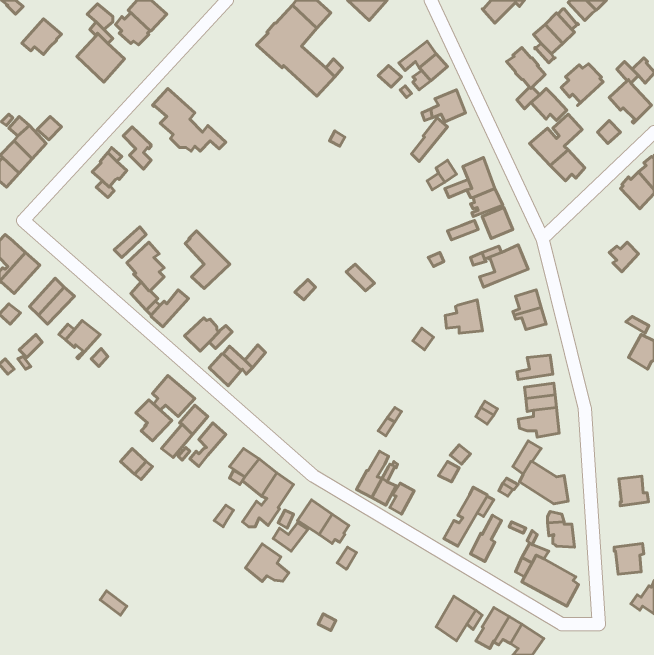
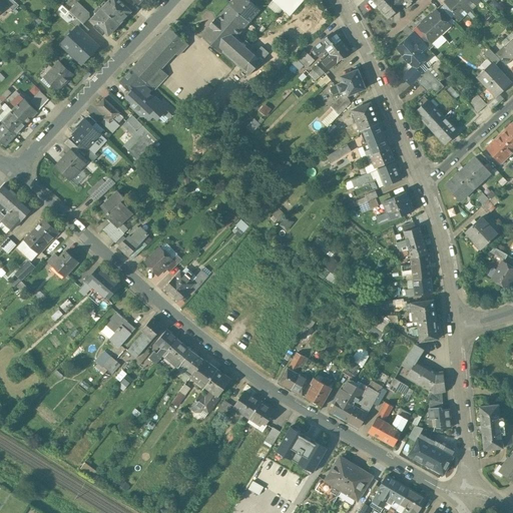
building: [22,19,62,55] -> [40,62,71,90]
building: none -> [131,27,187,90]
building: [561,64,603,106] -> none
building: none -> [352,103,378,131]
building: none -> [54,149,84,179]
building: none -> [444,156,490,201]
building: [185,231,230,288] -> [122,115,157,160]
building: none -> [465,217,496,248]
building: [445,300,482,333] -> [401,253,430,280]
building: [153,376,195,417] -> [86,267,119,299]
building: none -> [162,340,190,369]
building: [619,476,648,506] -> [479,405,502,428]
building: none -> [330,381,367,421]
building: none -> [379,415,406,446]
building: [245,544,289,582] -> none
building: none -> [276,427,327,472]
building: none -> [325,457,355,496]

